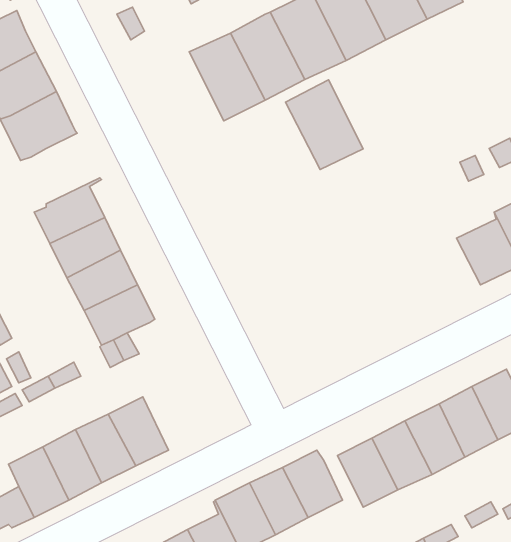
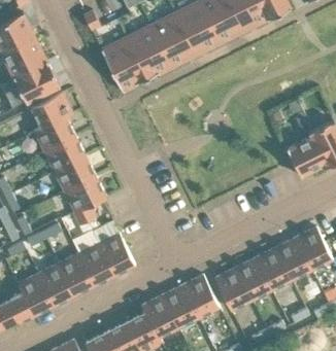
building: [286,80,363,169] -> [101,37,147,91]
building: none -> [30,91,73,128]
building: none -> [99,233,135,275]

